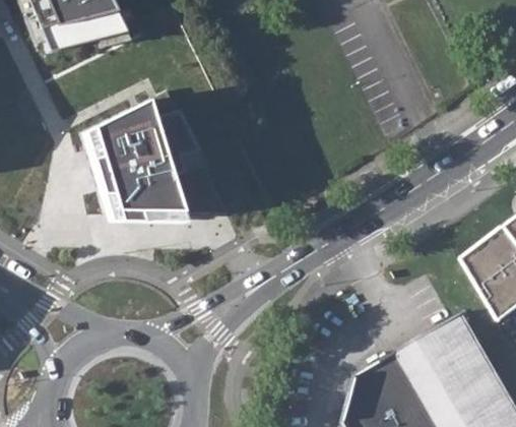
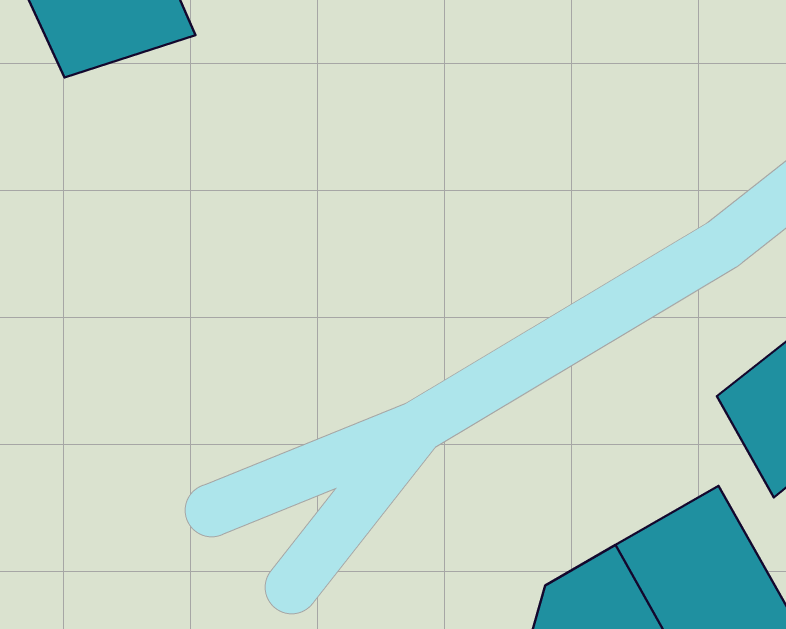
building: [84,102,209,215] -> none

